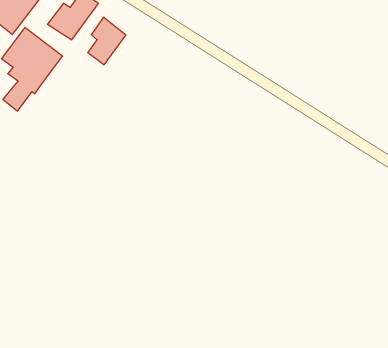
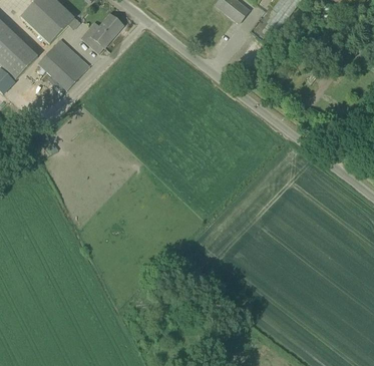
building: [88,17,126,65] -> none

